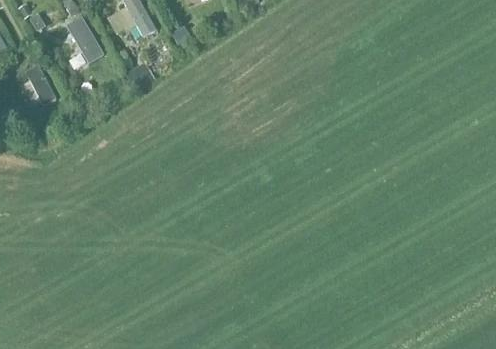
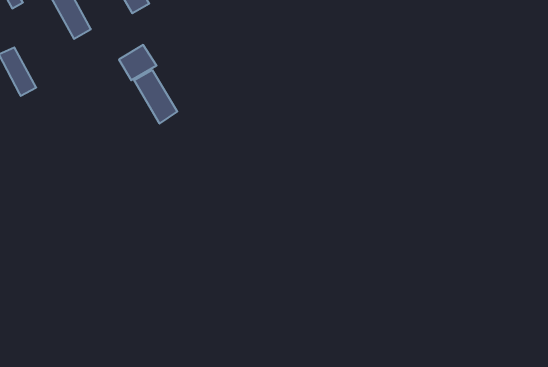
building: none -> [134,70,177,124]

